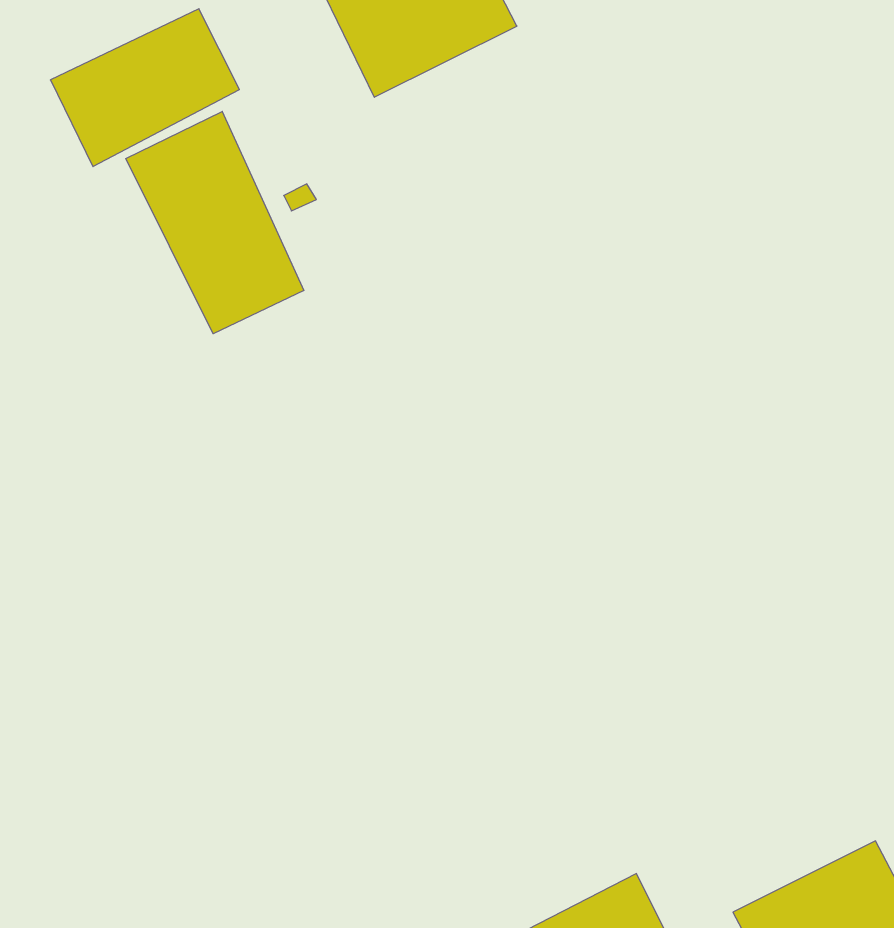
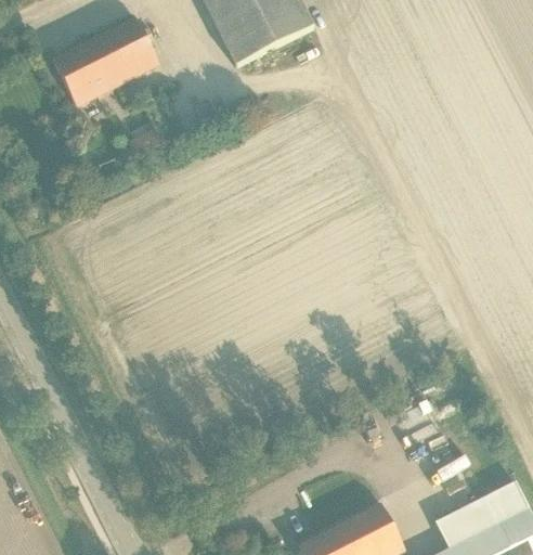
building: [126,111,304,334] -> none

